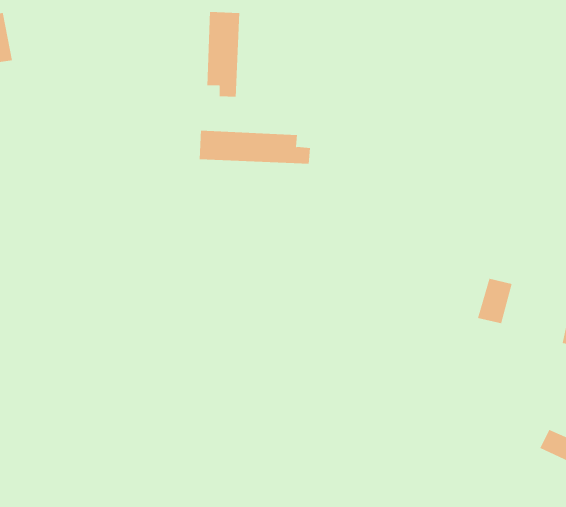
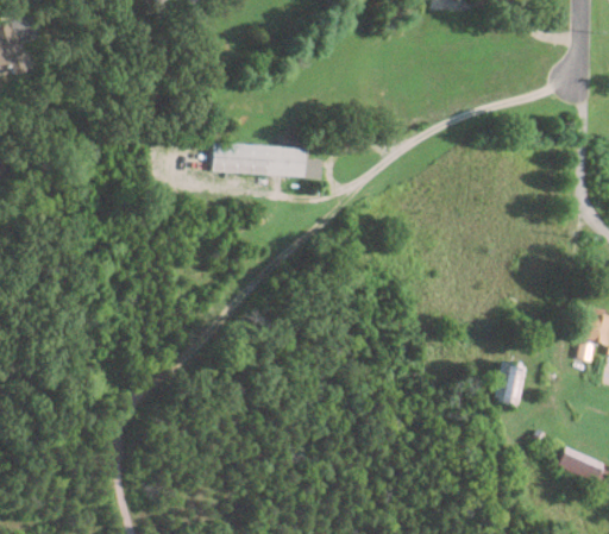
building: [207,11,240,97] -> none
building: [477,278,512,324] -> [492,359,528,406]

